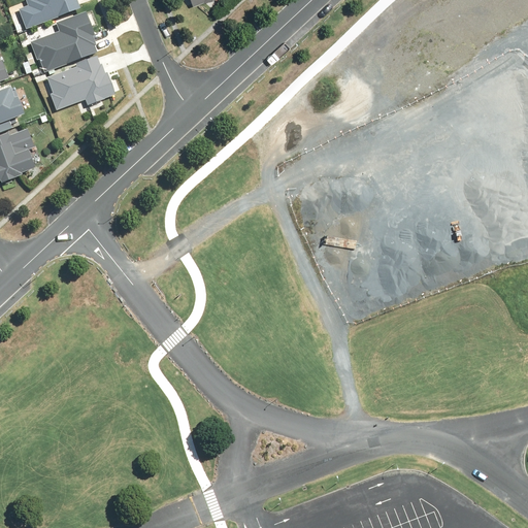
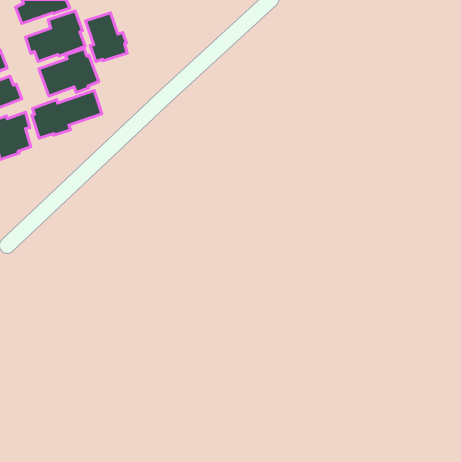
building: none -> [85,13,127,61]
building: none -> [32,91,102,138]

